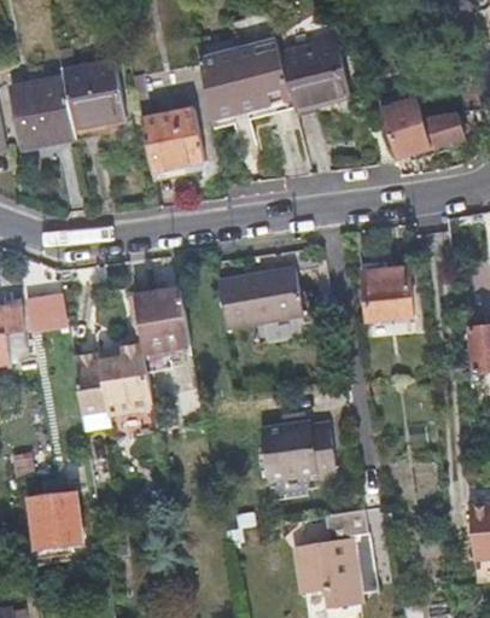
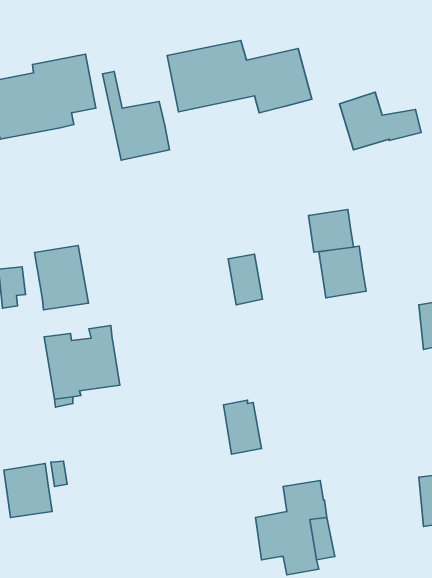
building: none -> [309,209,353,252]
building: [216,274,274,331] -> none
building: [134,287,191,355] -> [34,246,88,310]
building: [292,420,336,474] -> none

